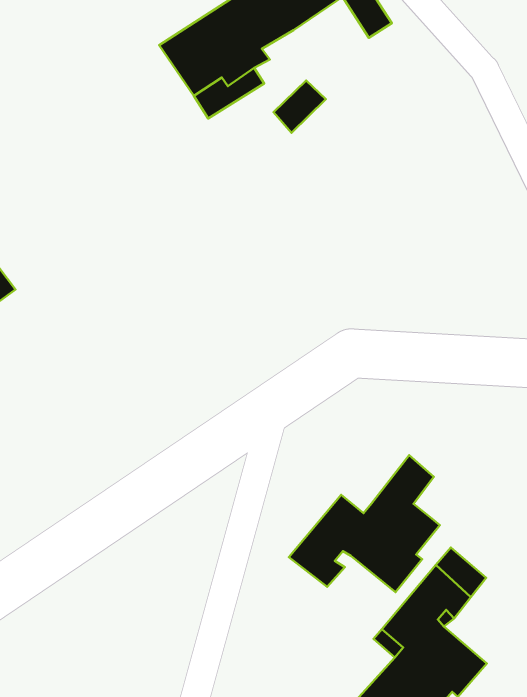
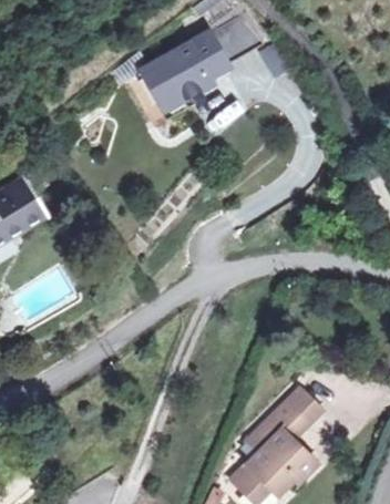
building: [289,455,440,592] -> none

